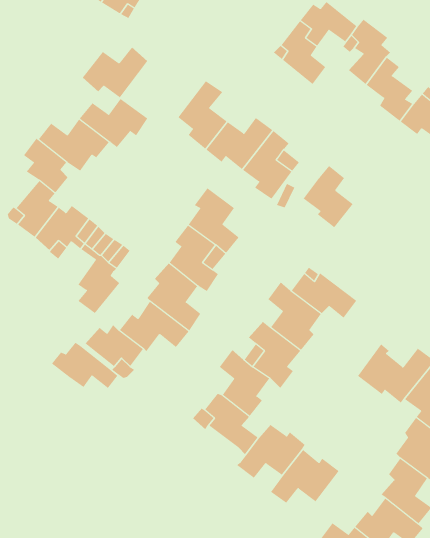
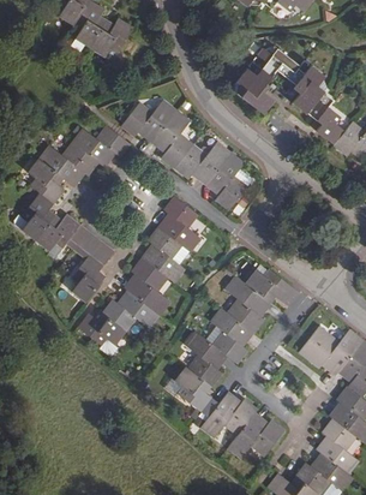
building: [82,47,148,98] -> [121,99,175,141]
building: [303,165,353,228] -> none
building: [51,342,118,389] -> none

